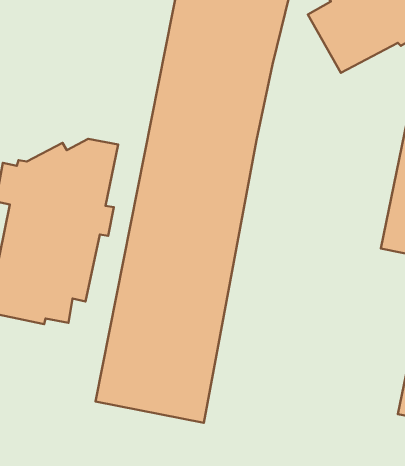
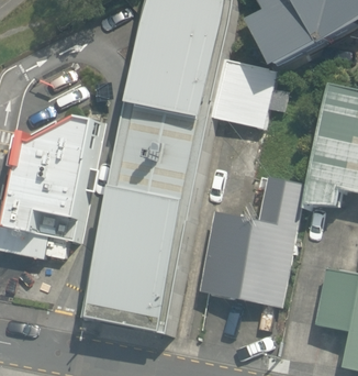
building: none -> [206,58,286,130]
building: none -> [197,176,303,309]

